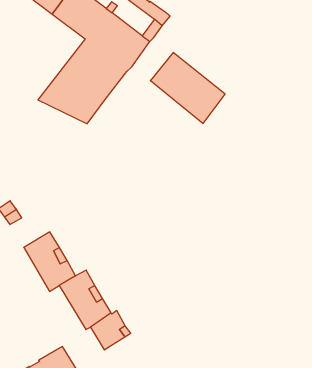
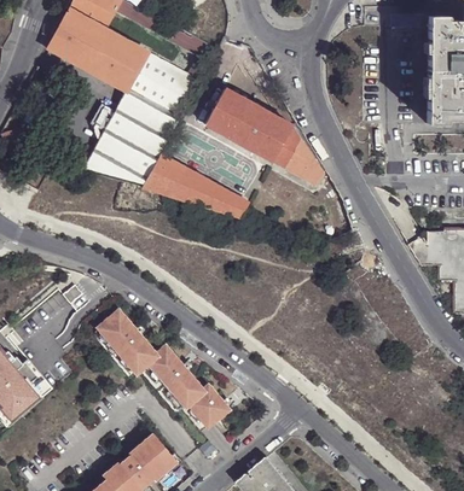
building: none -> [272,125,323,186]
building: none -> [140,152,248,217]

